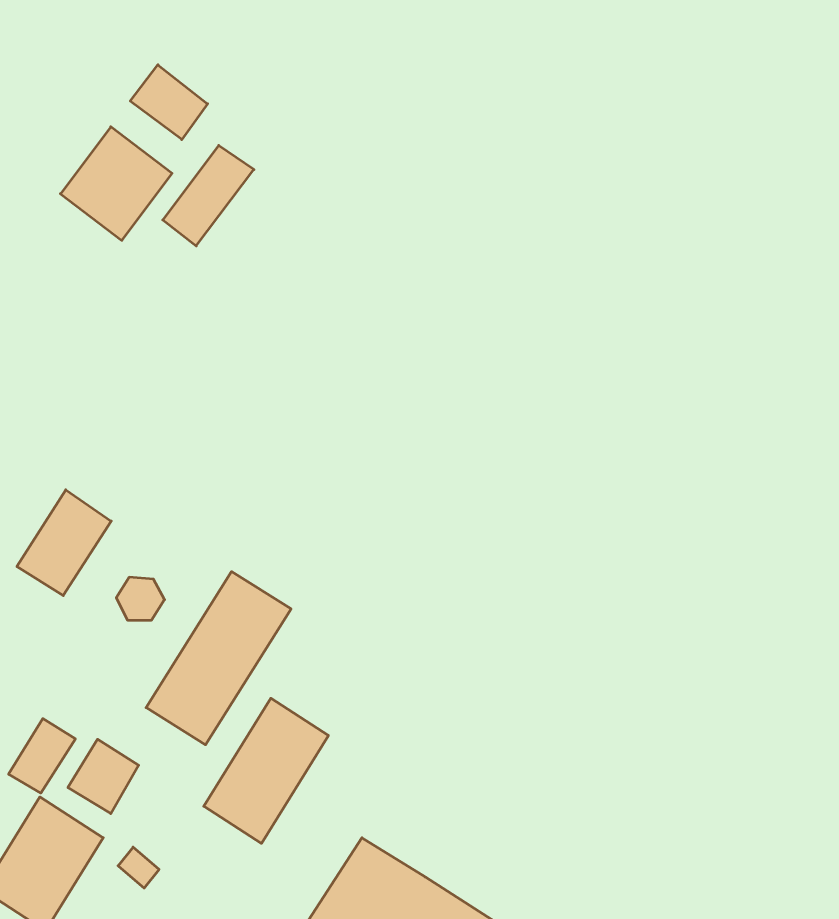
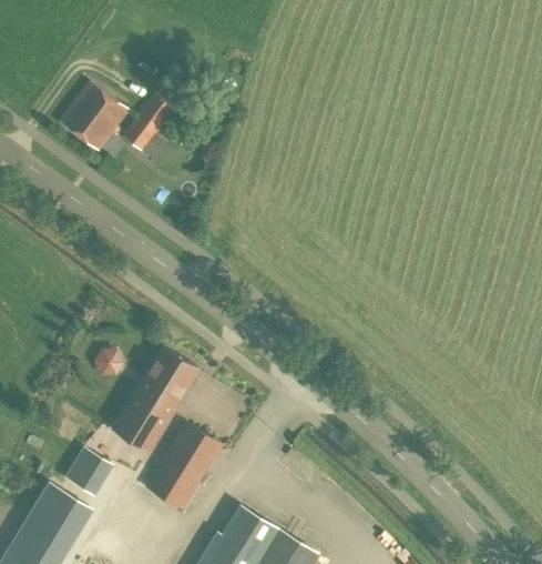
building: [130,65,208,140] -> none
building: [17,490,111,596] -> none
building: [9,719,75,793] -> none

